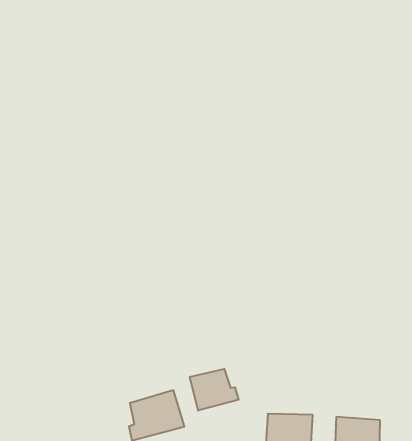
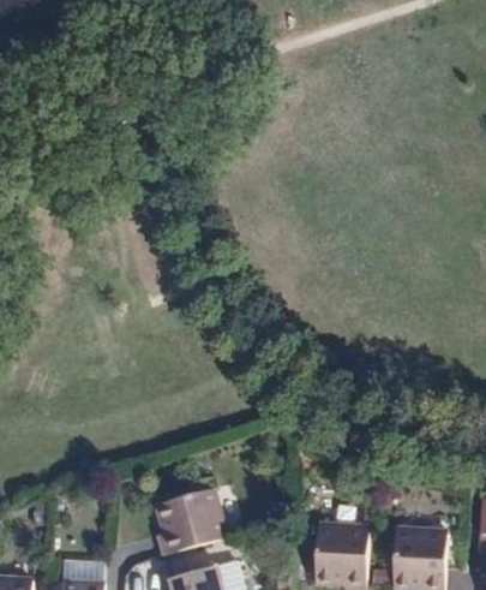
building: [190,369,239,411] -> none

